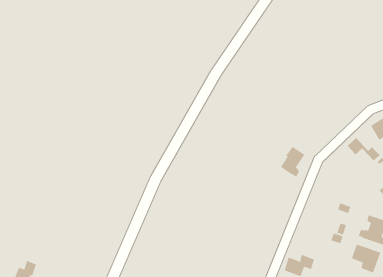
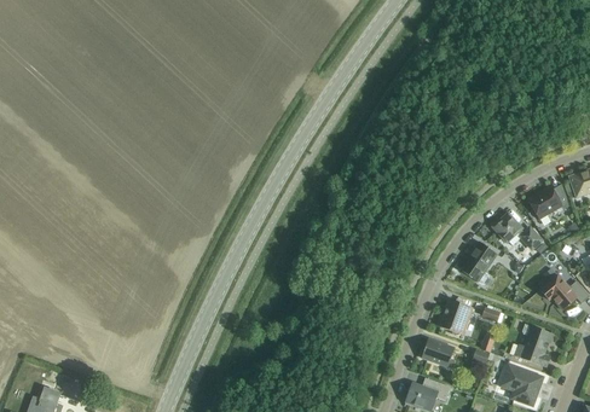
building: [280,146,305,176] -> [462,240,497,283]
building: none -> [436,298,473,335]
building: none -> [421,337,455,366]

